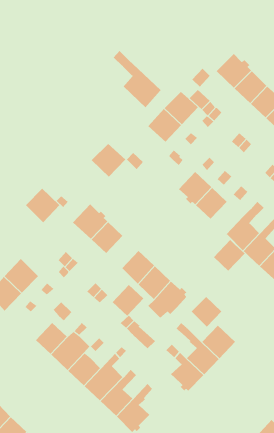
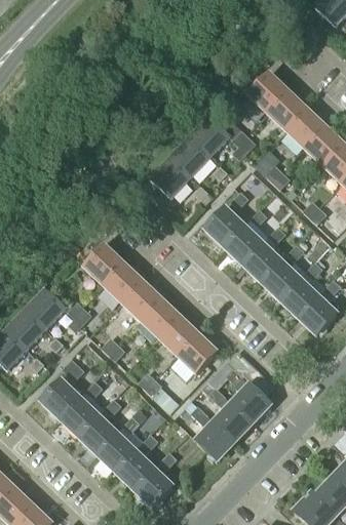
building: [113,50,161,108] -> none
building: [91,143,126,177] -> [151,157,191,196]
building: [25,188,60,223] -> [26,288,66,328]
building: [213,239,245,272] -> [242,243,279,280]
building: [112,284,144,316] -> [123,282,160,319]

